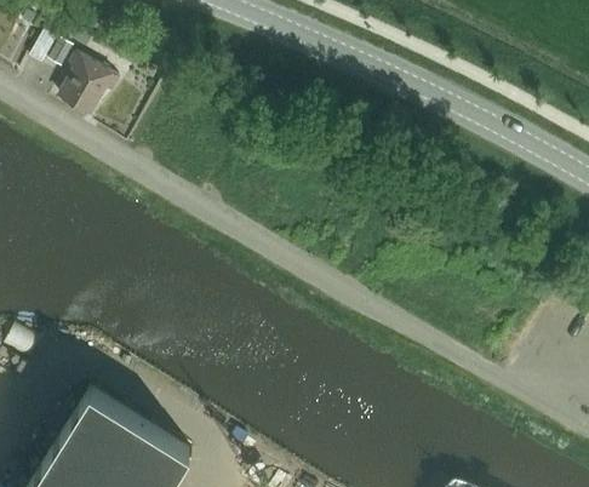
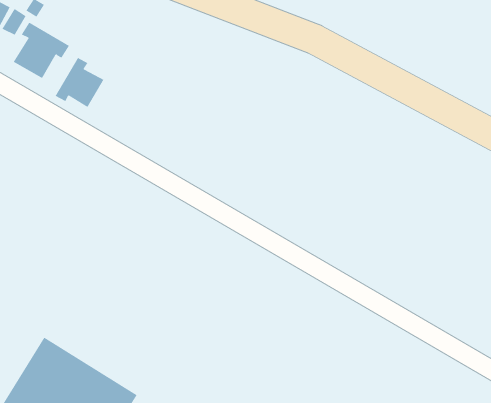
building: none -> [55,57,104,108]

